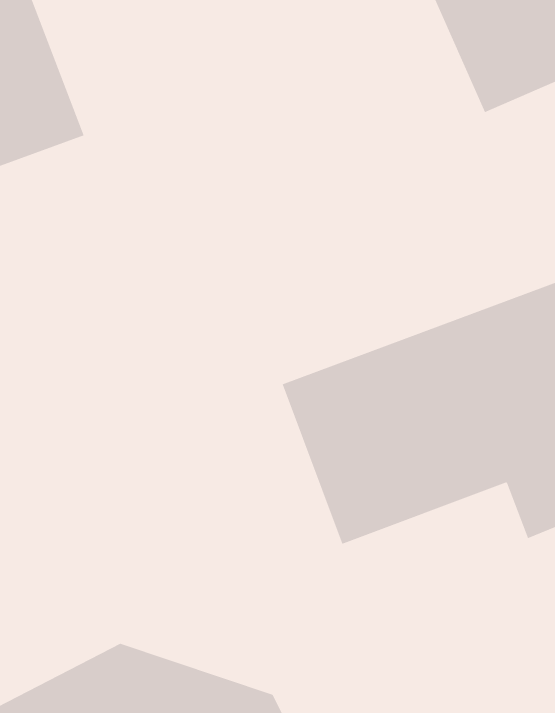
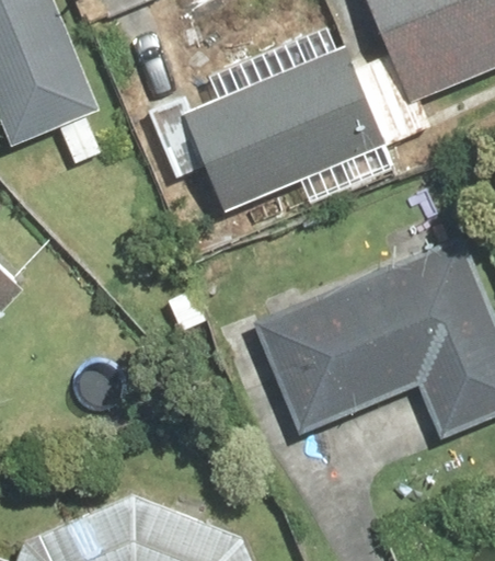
building: none -> [193,53,382,201]

